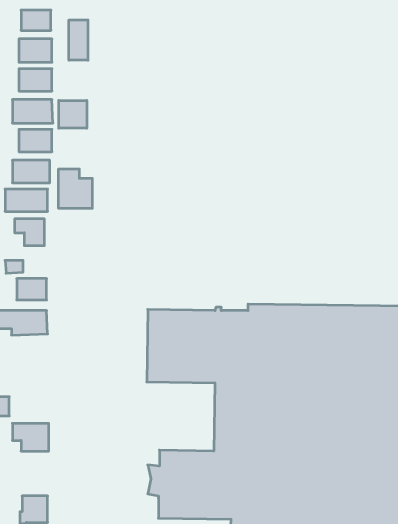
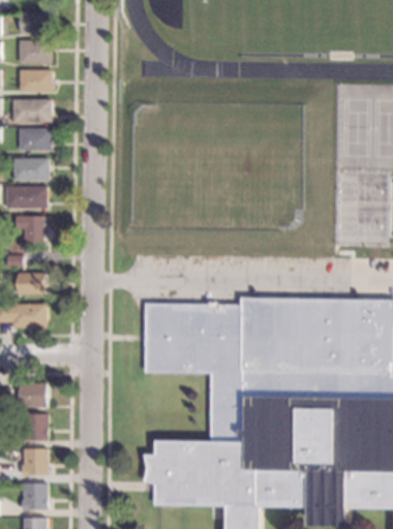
building: [69,20,88,60] -> none
building: [59,100,87,128] -> none
building: [59,169,92,208] -> none
building: none -> [19,382,47,407]
building: none -> [22,448,48,474]

